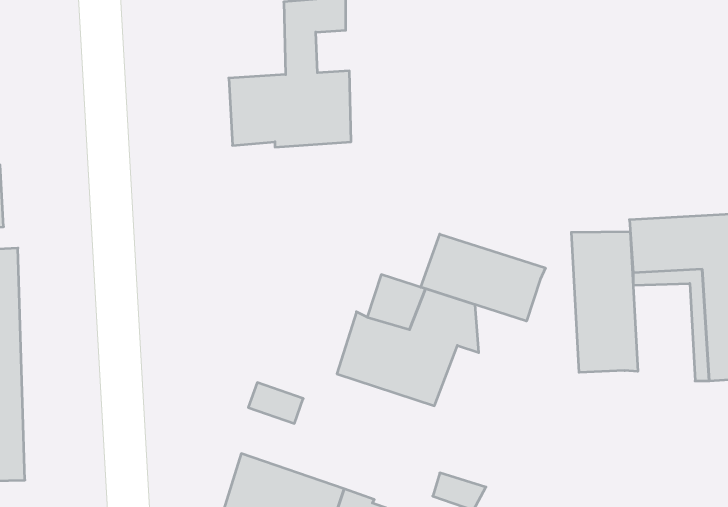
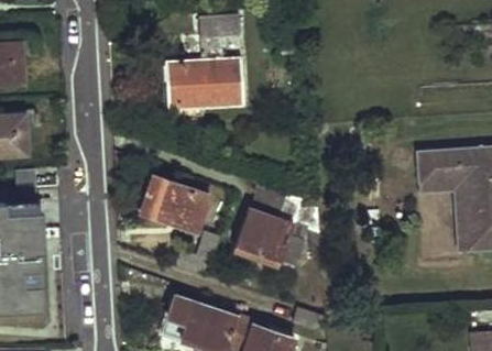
building: [571,231,638,372] -> none
building: [421,234,545,321] -> none
building: none -> [140,177,208,231]

